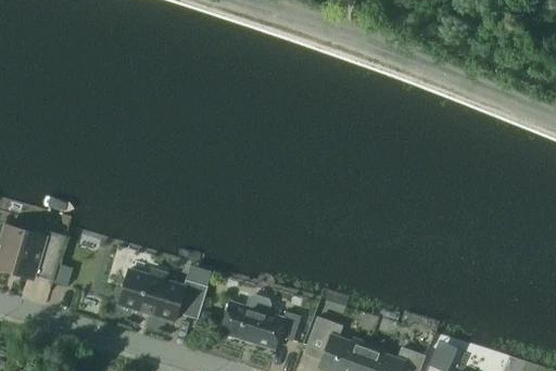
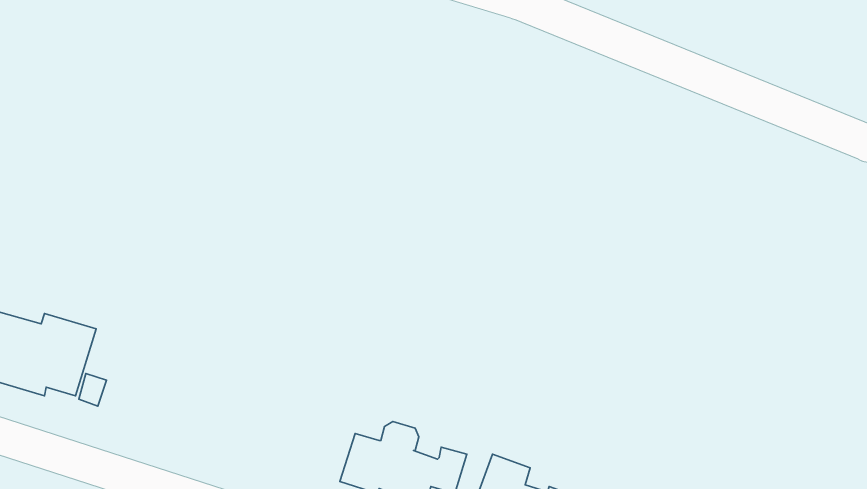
building: [117,269,207,321] -> none

